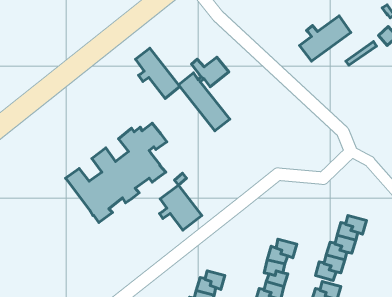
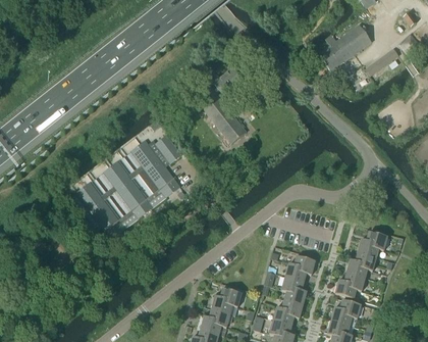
building: [135,48,180,98] -> none
building: [160,185,202,230] -> none

